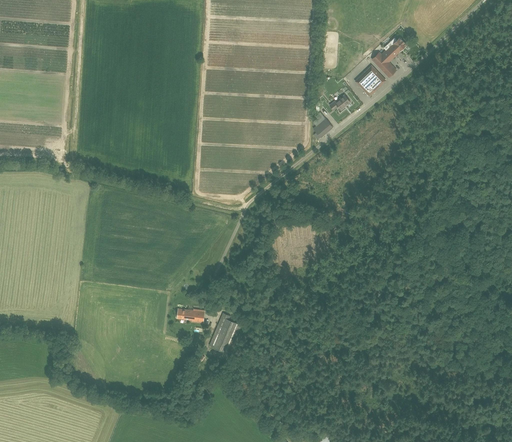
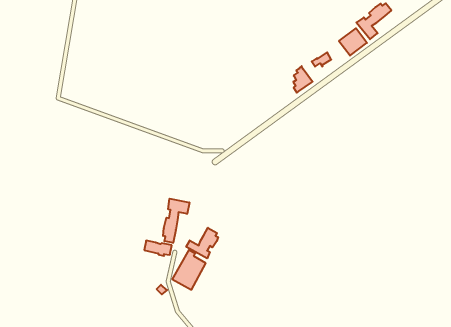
building: none -> [163,199,189,243]
building: none -> [186,228,218,258]

